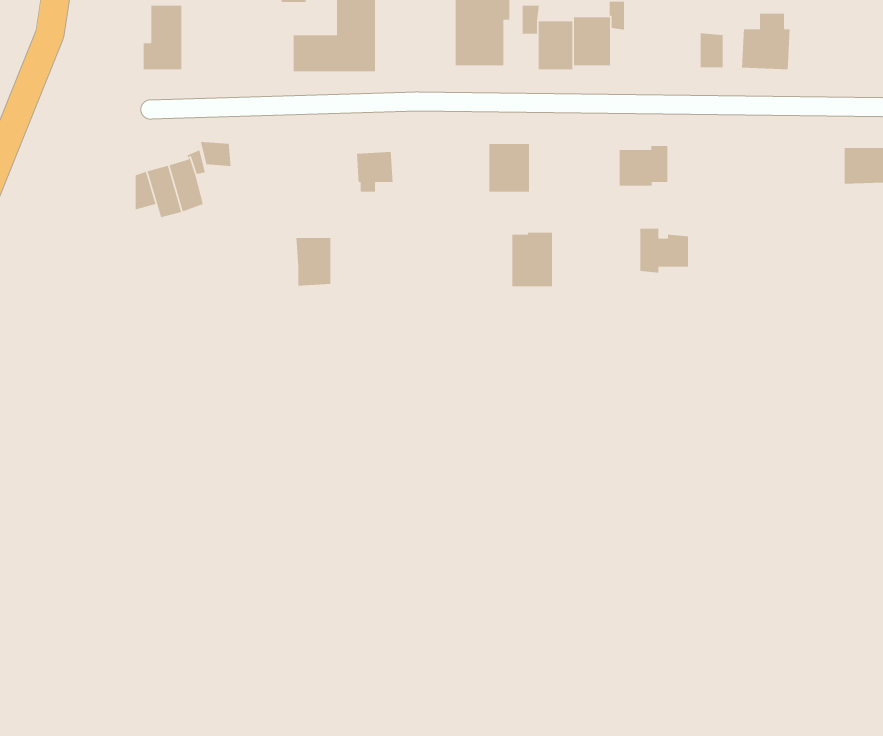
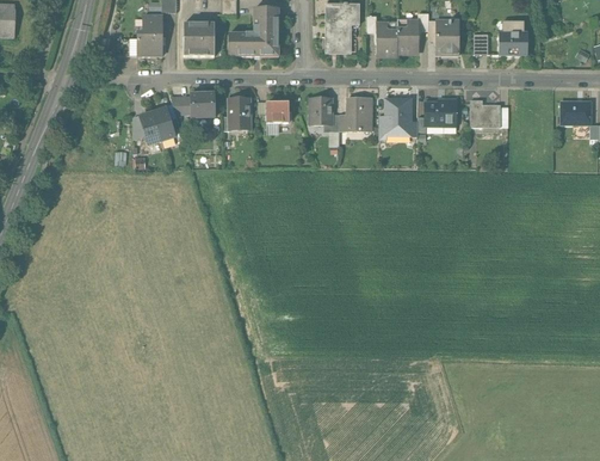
building: none -> [435,19,459,54]
building: none -> [183,23,214,56]
building: none -> [190,94,215,117]
building: none -> [309,99,332,125]
building: [640,228,689,273] -> [470,100,500,128]
building: [511,232,553,287] -> [385,99,410,133]
building: [296,237,331,287] -> [228,98,249,128]

